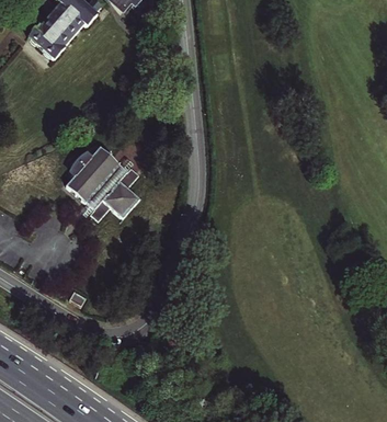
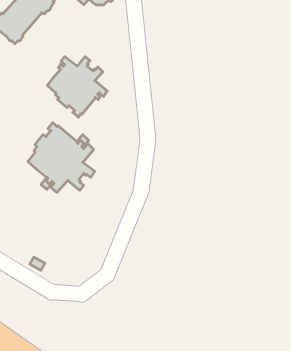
building: none -> [47,57,107,117]

